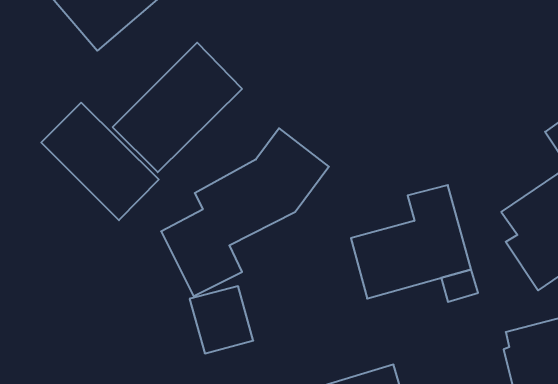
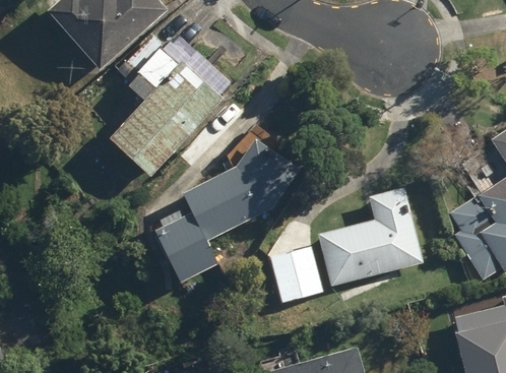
building: none -> [126,36,178,100]
building: [41,103,159,220] -> none
building: [190,286,253,353] -> [269,244,325,303]

